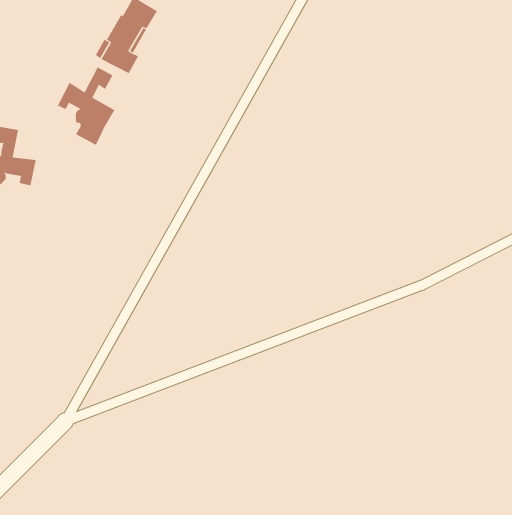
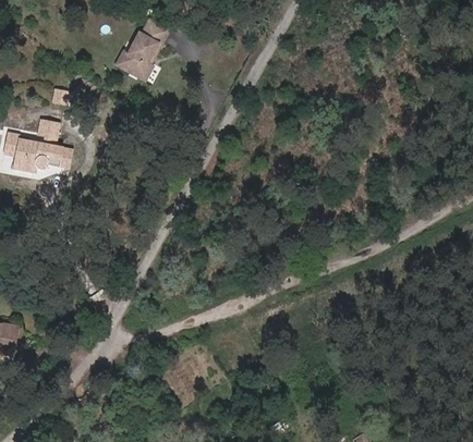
building: [57,66,115,146] -> none

